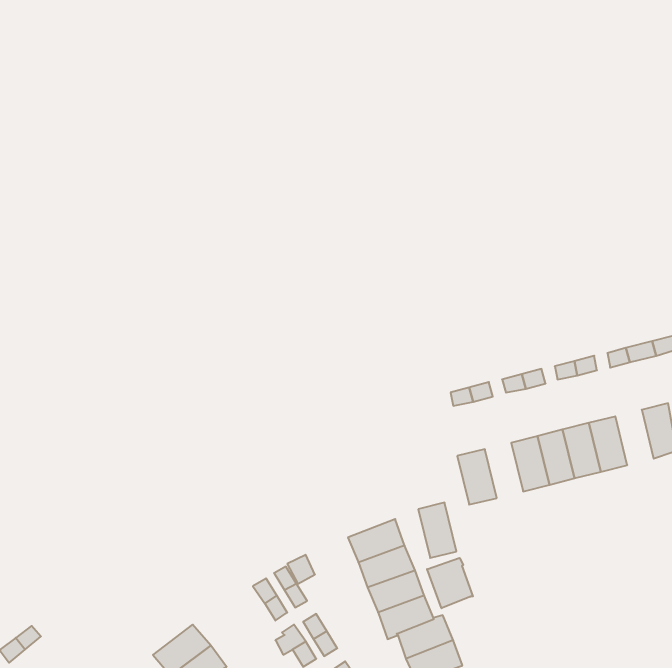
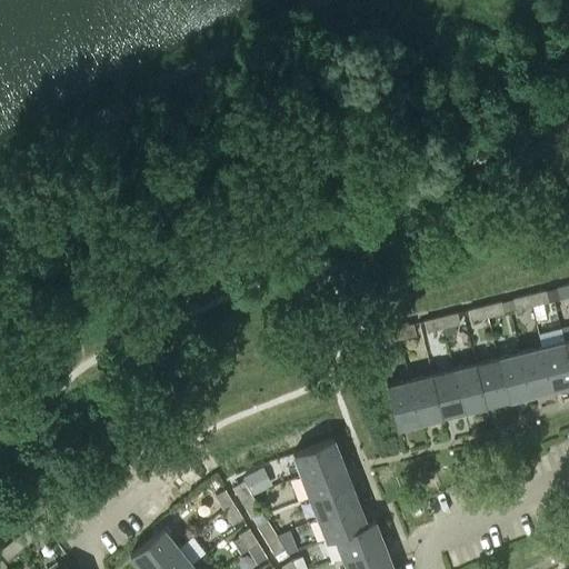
building: none -> [520,350,552,397]
building: [418,503,456,558] -> [410,378,442,425]
building: [427,558,473,608] -> none

